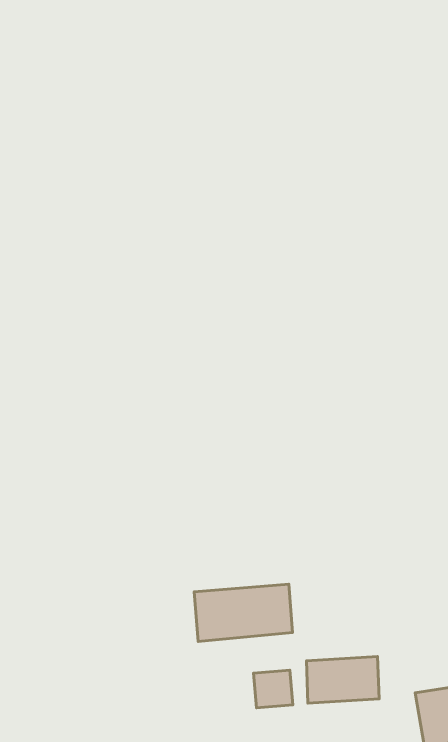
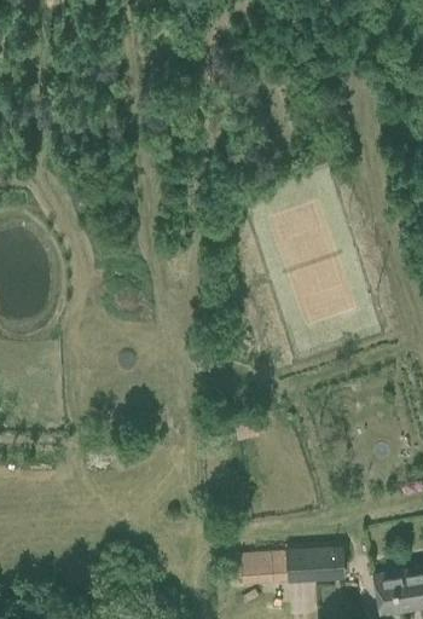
building: [194,584,293,641] -> none

